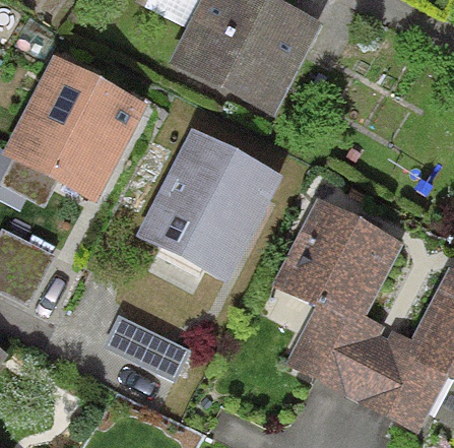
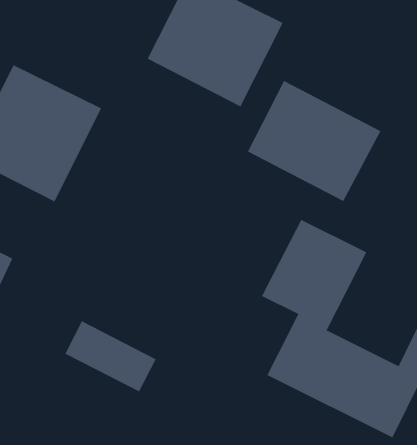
building: none -> [247,80,381,202]
building: [145,139,271,273] -> none

